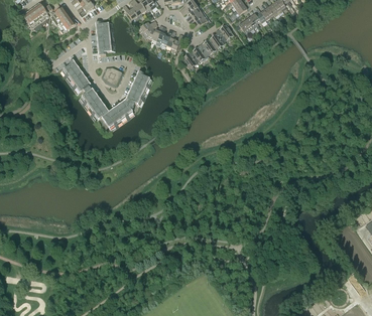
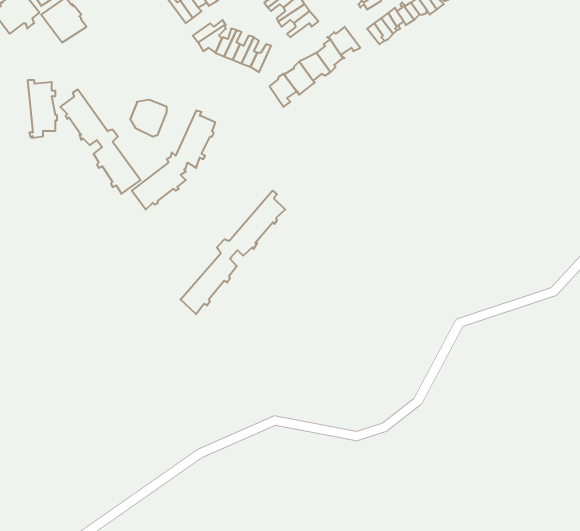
building: [97,20,114,53] -> [28,80,57,138]
building: none -> [180,191,285,314]

